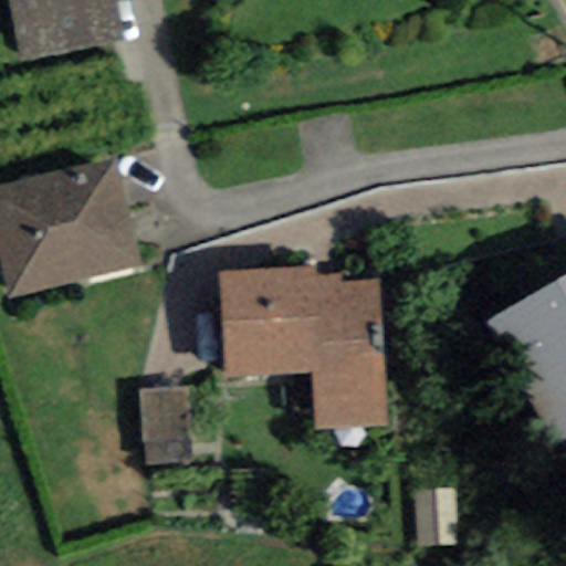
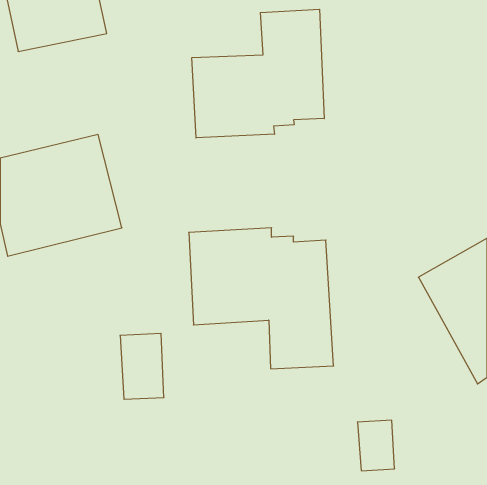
building: none -> [192,9,324,138]

